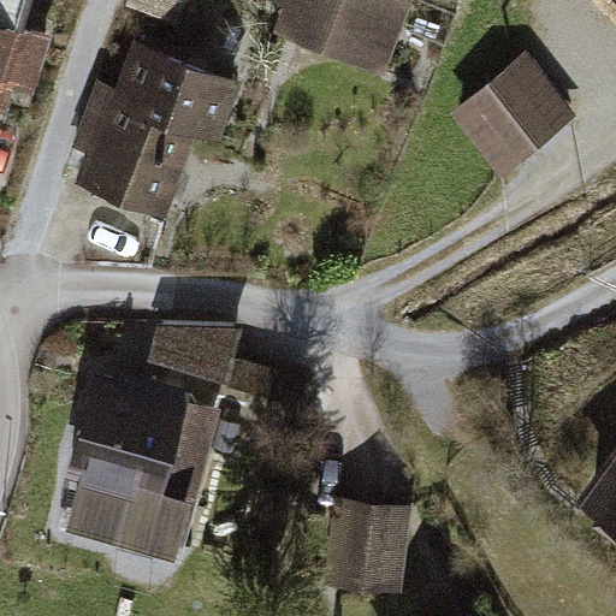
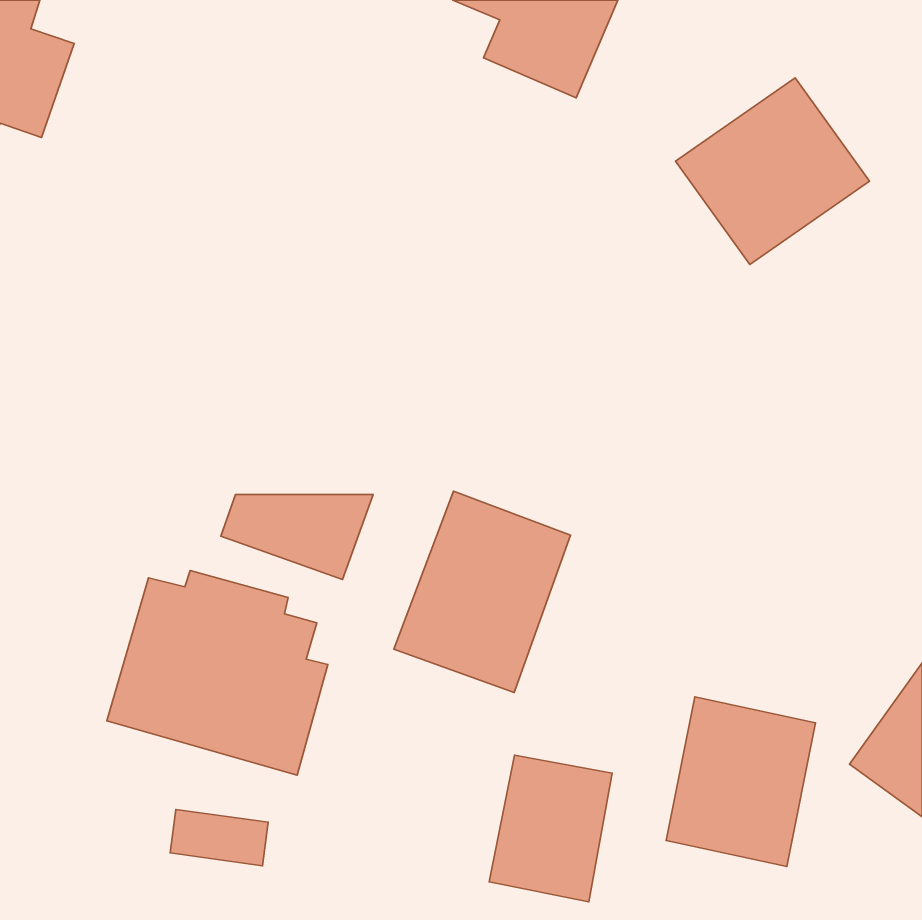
building: [76,34,244,208] -> none
building: none -> [394,491,570,692]
building: none -> [666,697,816,867]

